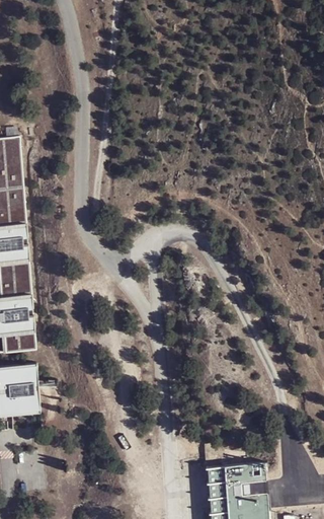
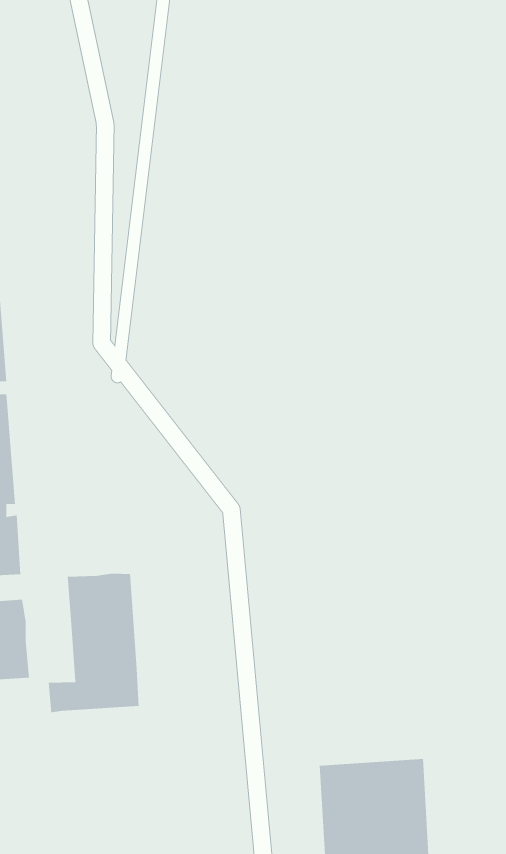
building: none -> [48,573,139,713]

